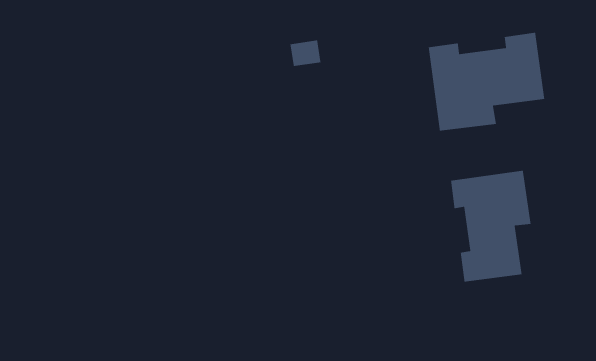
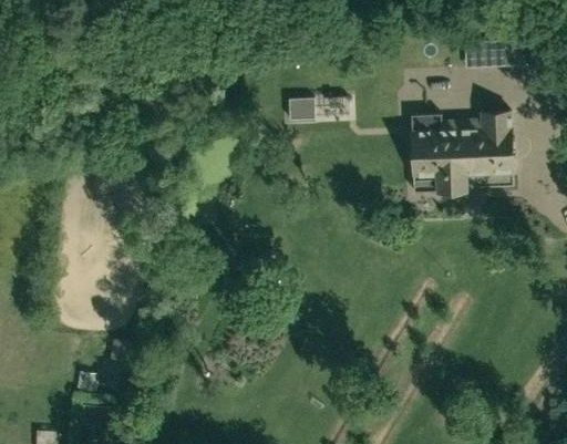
building: [450,170,532,283] -> none

